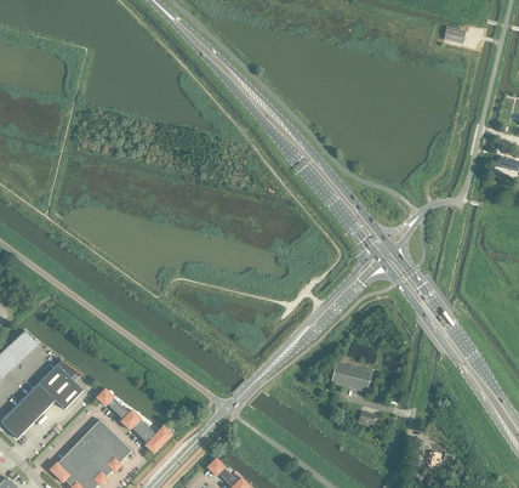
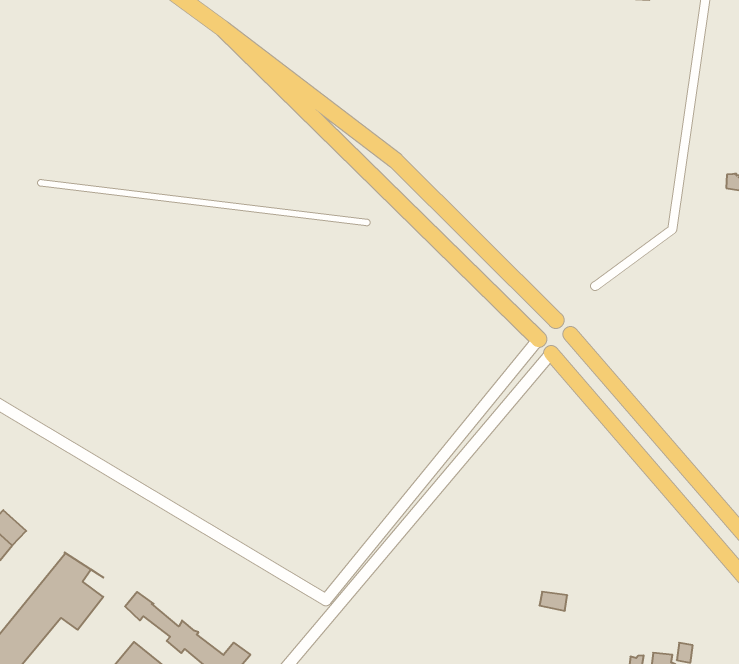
building: [330,363,371,392] -> none

